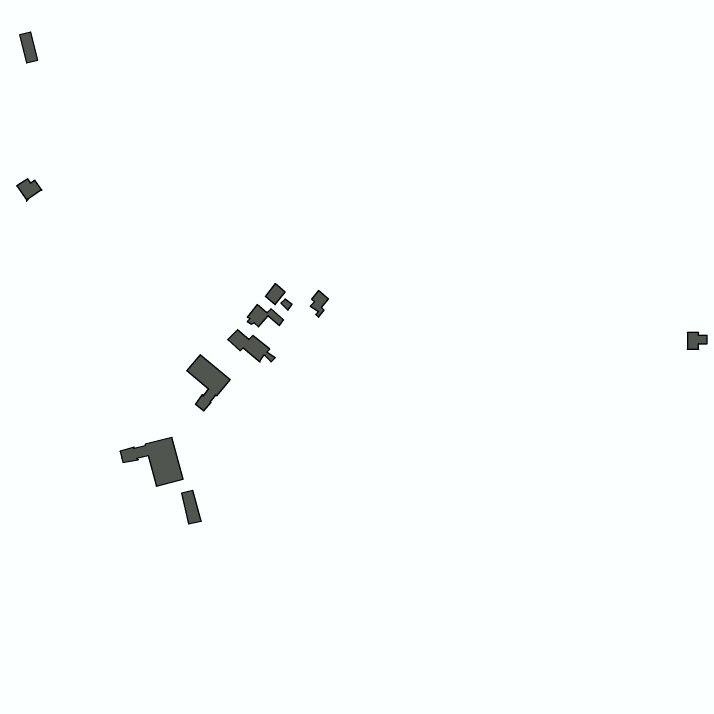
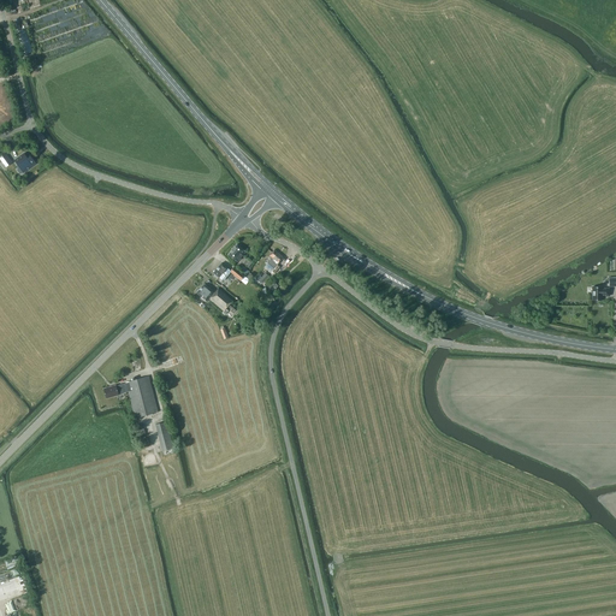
building: [187,355,230,411] -> none

